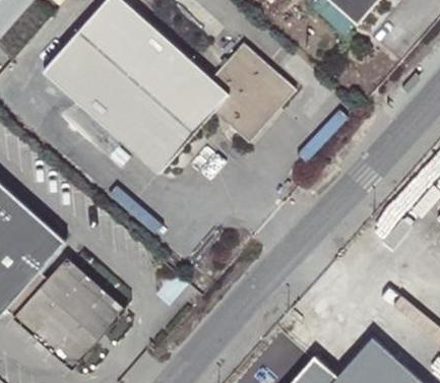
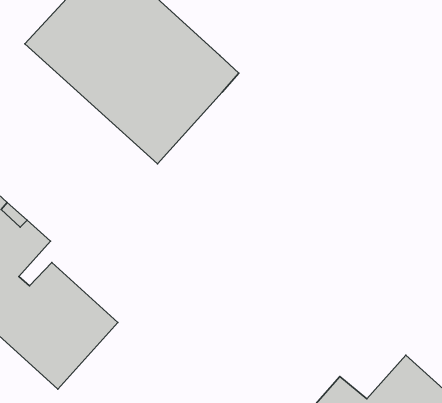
building: [211,43,296,142] -> none

